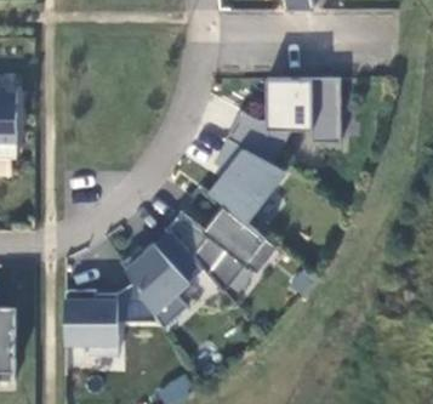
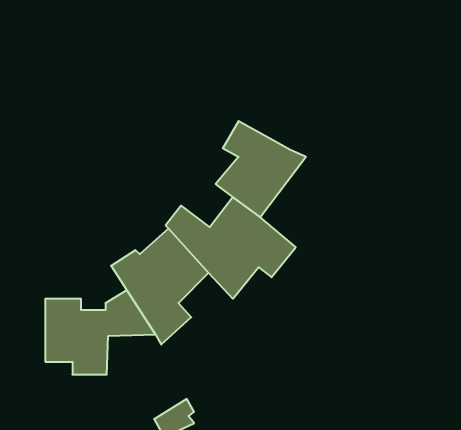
building: [226,78,340,164] -> none

